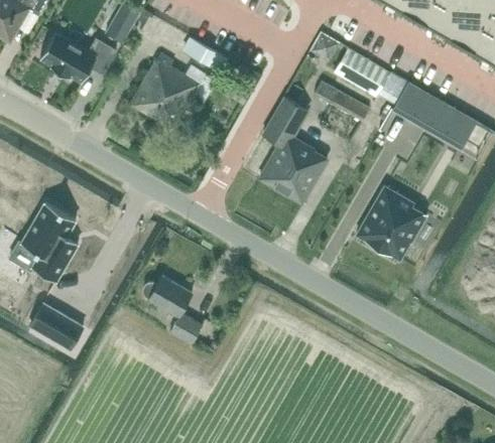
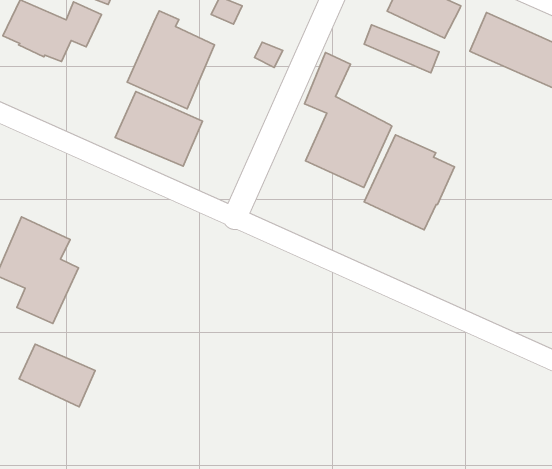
building: none -> [115,92,202,166]
building: [356,186,427,261] -> [364,135,455,230]
building: [143,275,203,344] -> none

